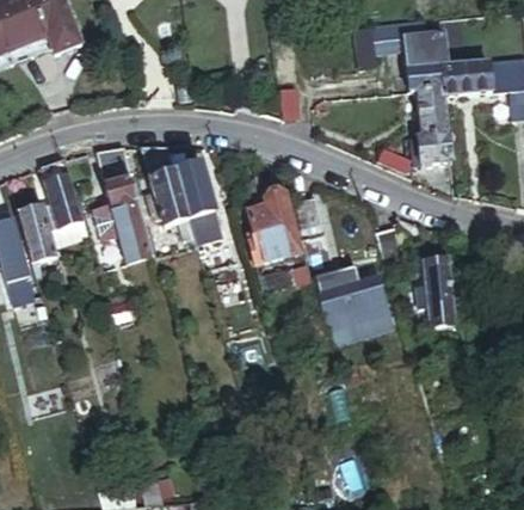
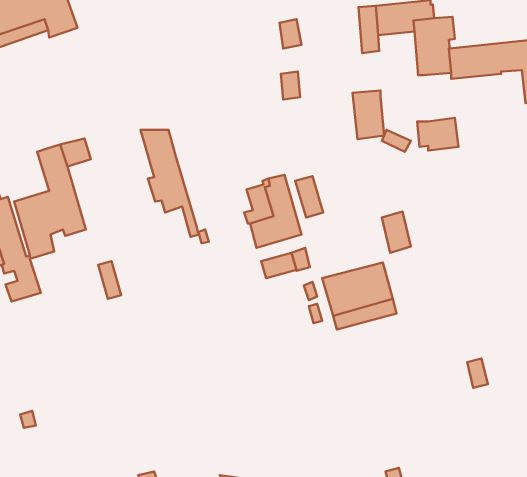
building: [418,87,449,135] -> [353,90,384,139]
building: [97,146,155,260] -> none
building: [175,162,220,239] -> none
building: [417,254,479,344] -> none

